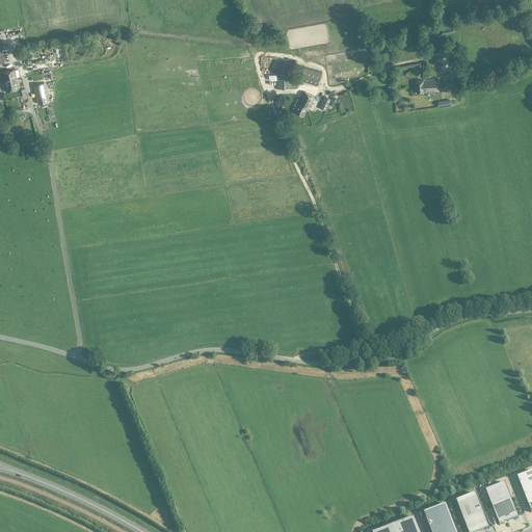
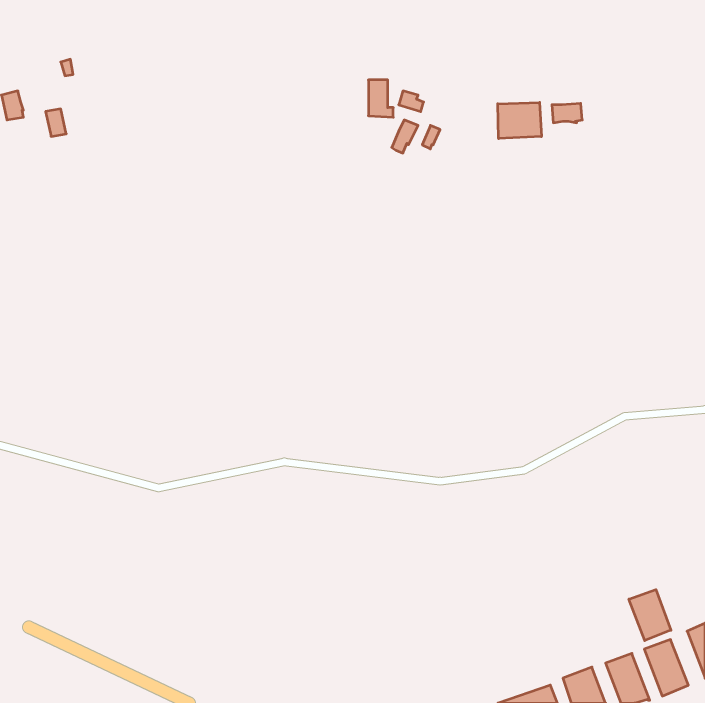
building: none -> [498,102,541,139]
building: none -> [629,590,671,641]

